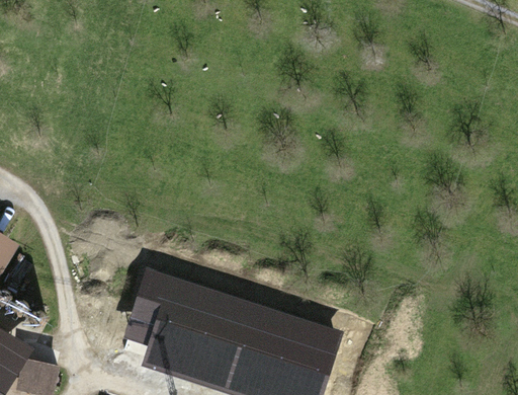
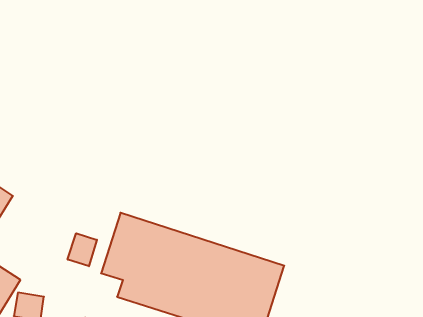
building: none -> [68,233,97,266]

